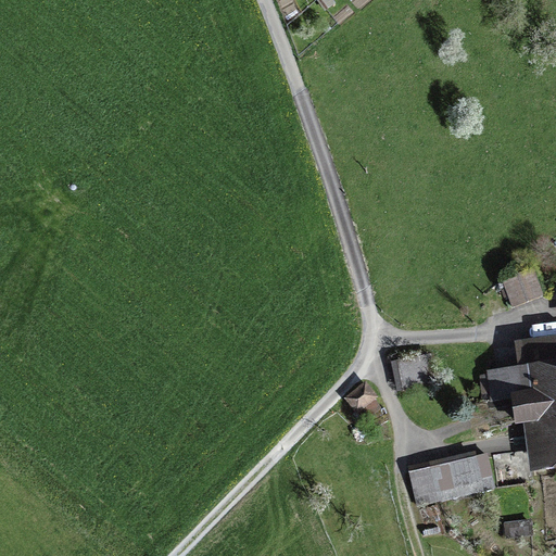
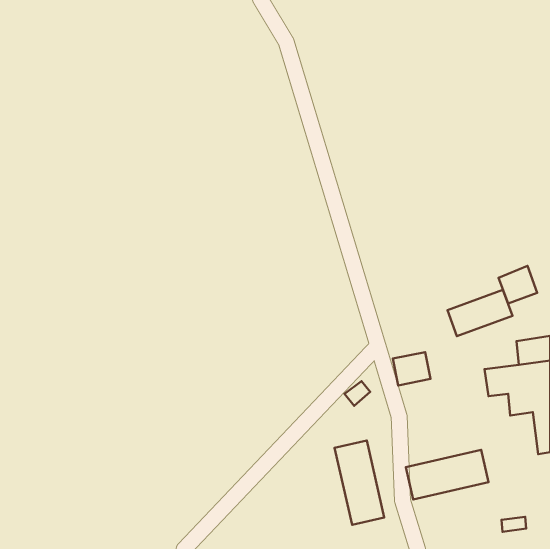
building: none -> [448,290,512,336]
building: none -> [334,441,384,525]

